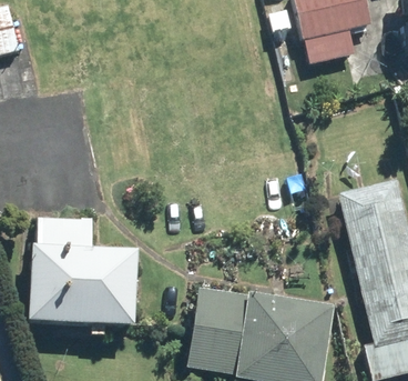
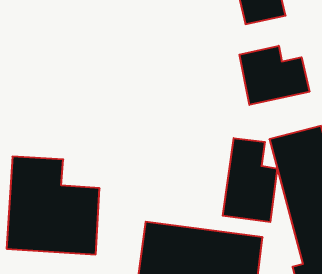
building: none -> [239,46,309,105]
building: none -> [223,138,277,222]

